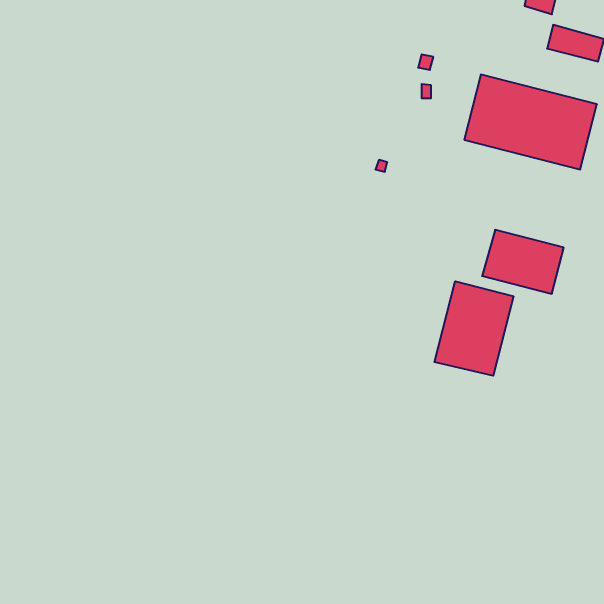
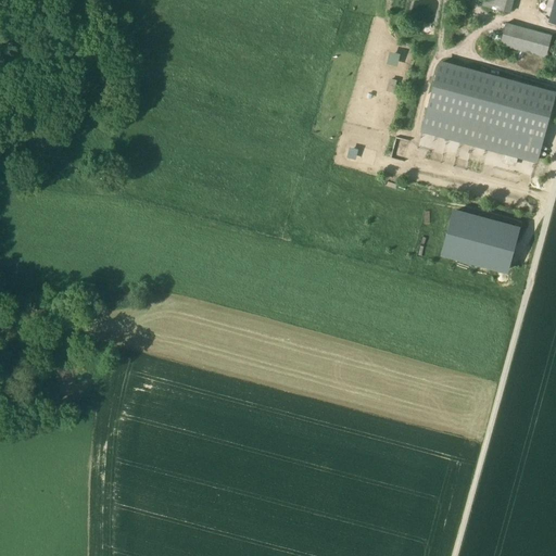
building: [434,281,513,376] -> none

